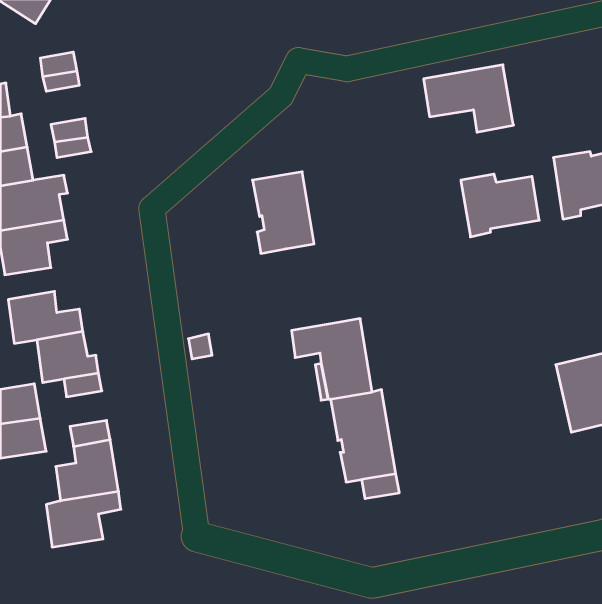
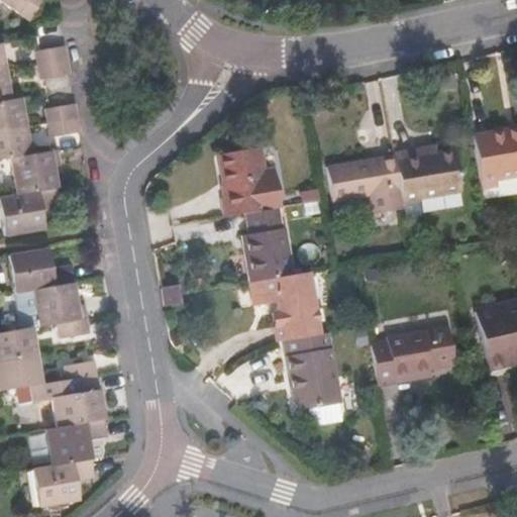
building: [424,65,514,132] -> [328,154,405,212]
building: none -> [244,206,293,282]
building: none -> [371,325,455,386]
building: none -> [32,459,93,506]

